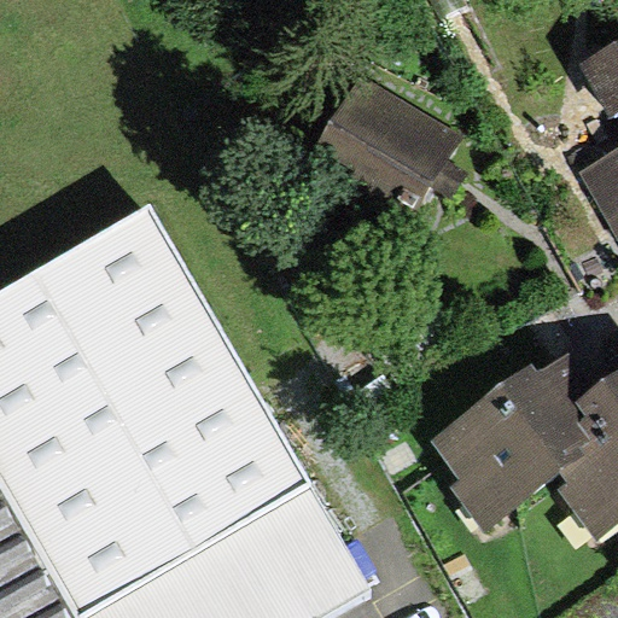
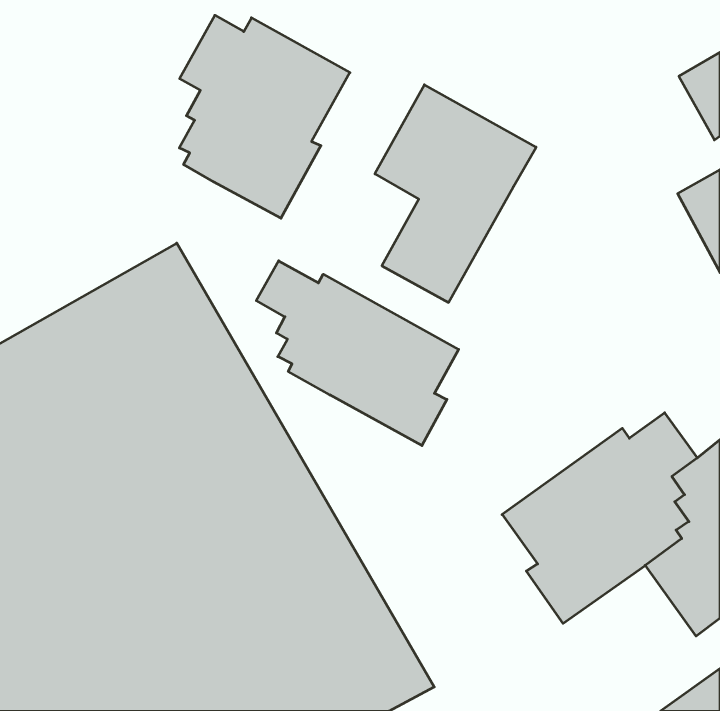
building: none -> [179,15,350,218]
building: none -> [256,261,459,446]

